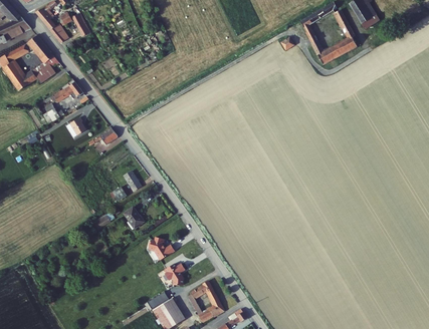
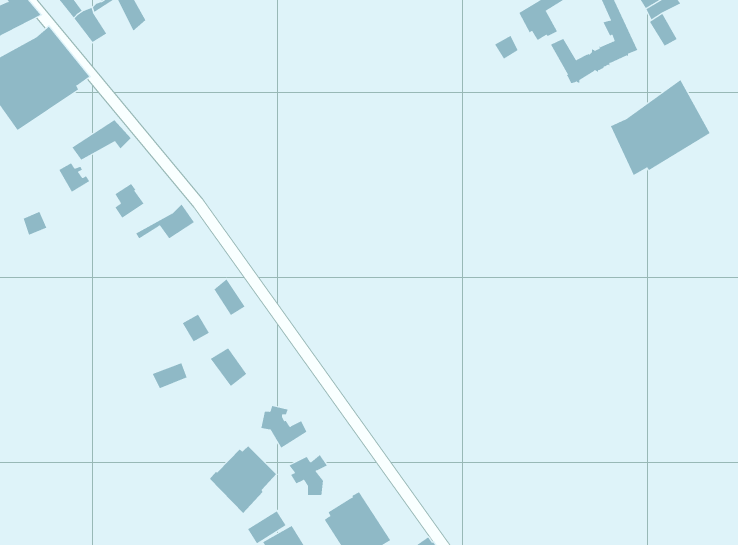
building: none -> [610,79,711,176]
building: none -> [209,445,277,514]

